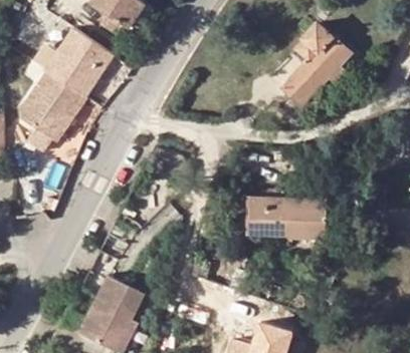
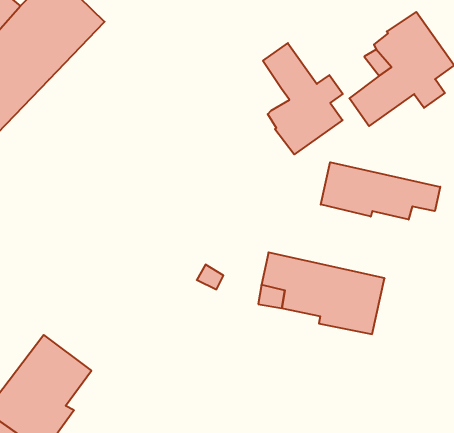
building: none -> [263,43,343,154]
building: none -> [321,162,440,220]

